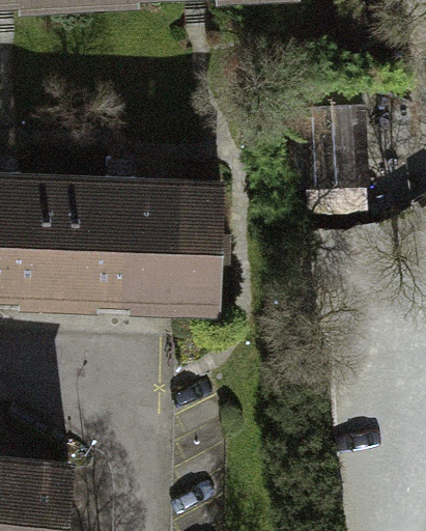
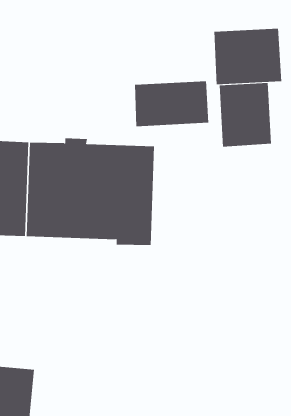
building: none -> [214,28,282,85]
building: none -> [134,80,209,127]

